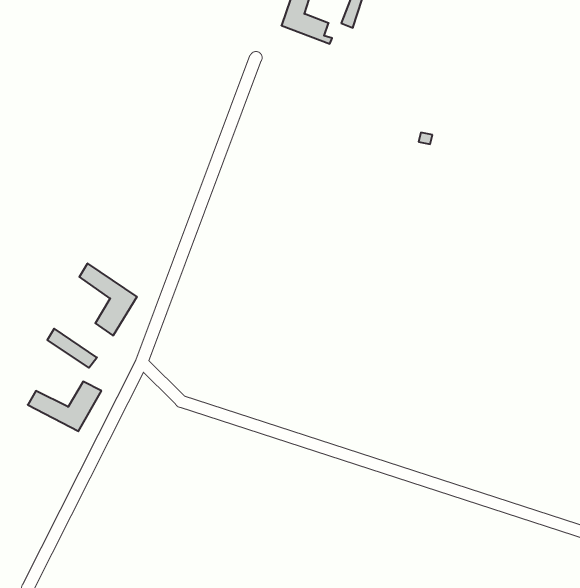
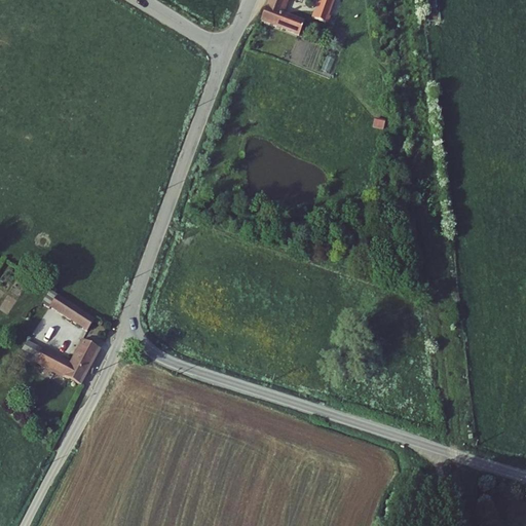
building: [79,263,137,336] -> none

